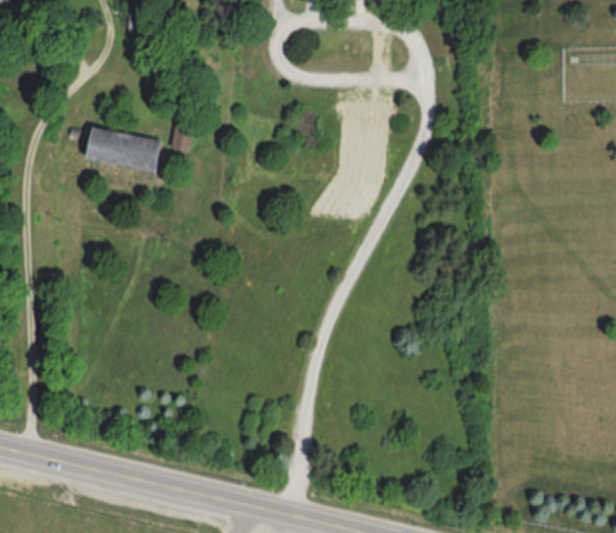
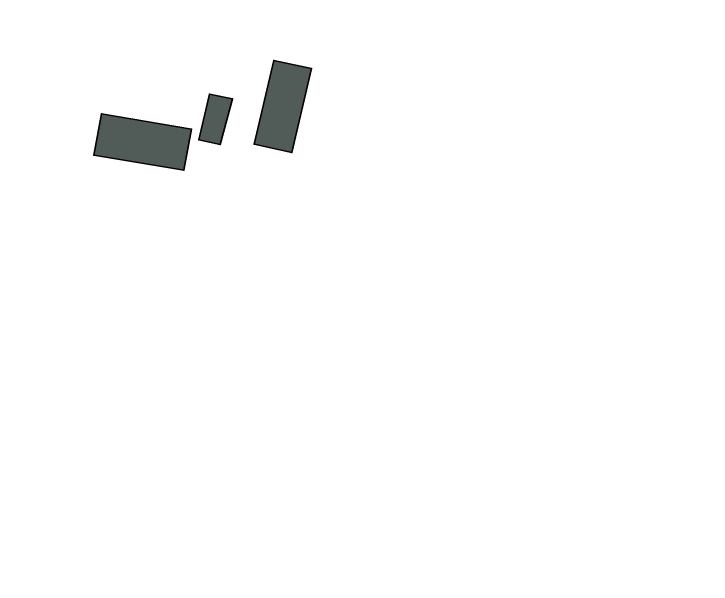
building: none -> [254,60,312,153]

